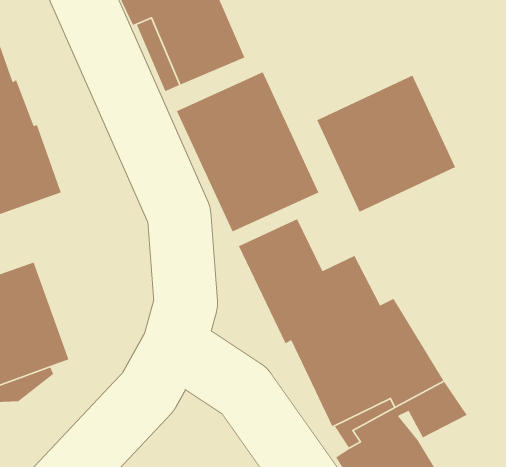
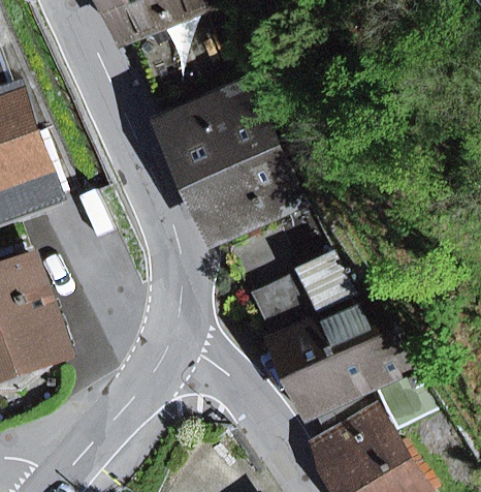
building: [316,74,456,213] -> none

